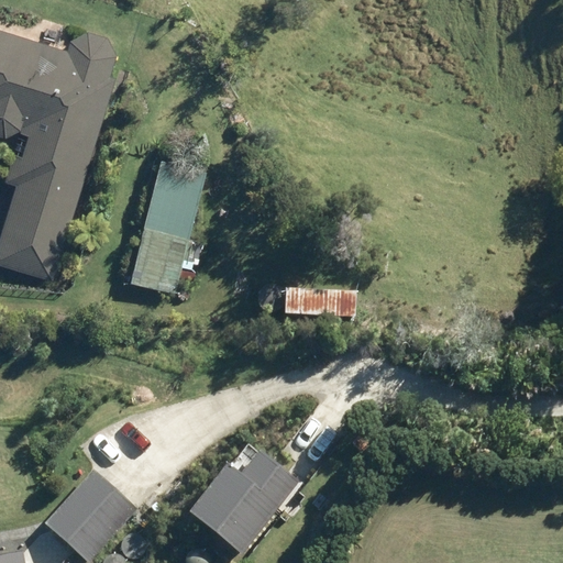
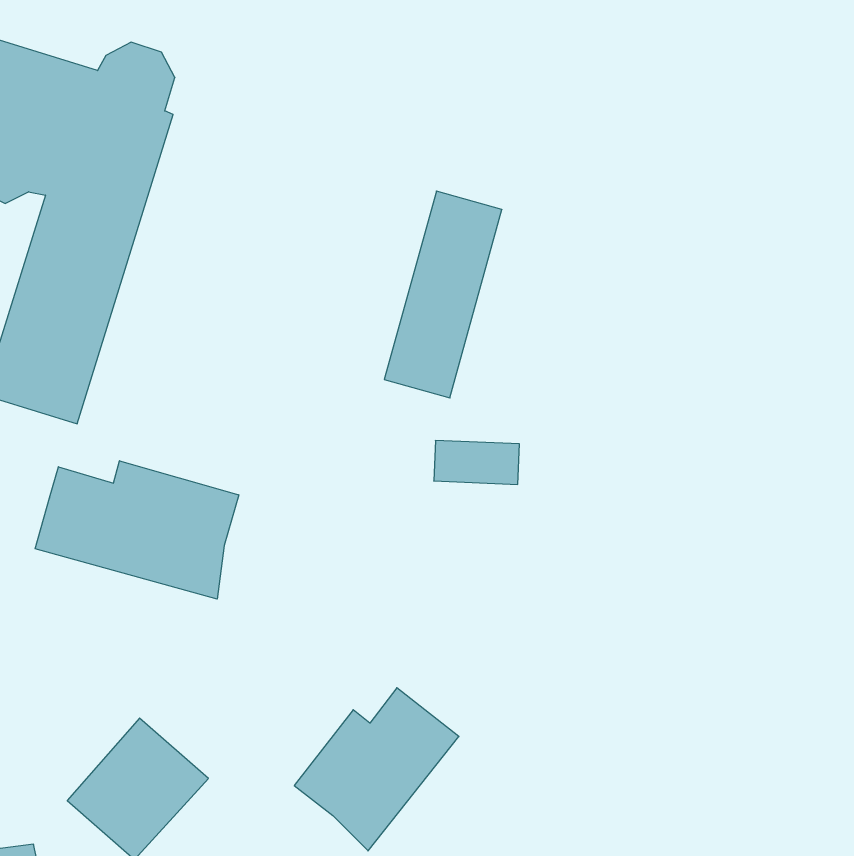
building: [129,158,206,294] -> [384,191,502,398]
building: none -> [35,461,239,599]

